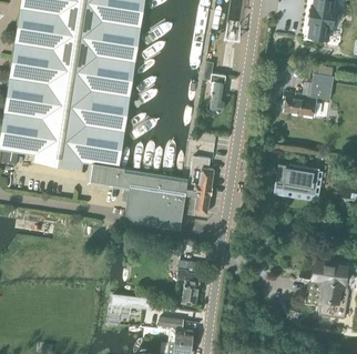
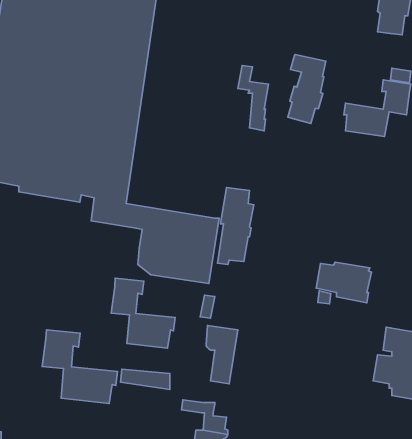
building: none -> [288,54,326,123]
building: [276,164,318,195] -> [316,262,371,303]
building: none -> [111,278,175,348]
building: none -> [42,330,118,404]

